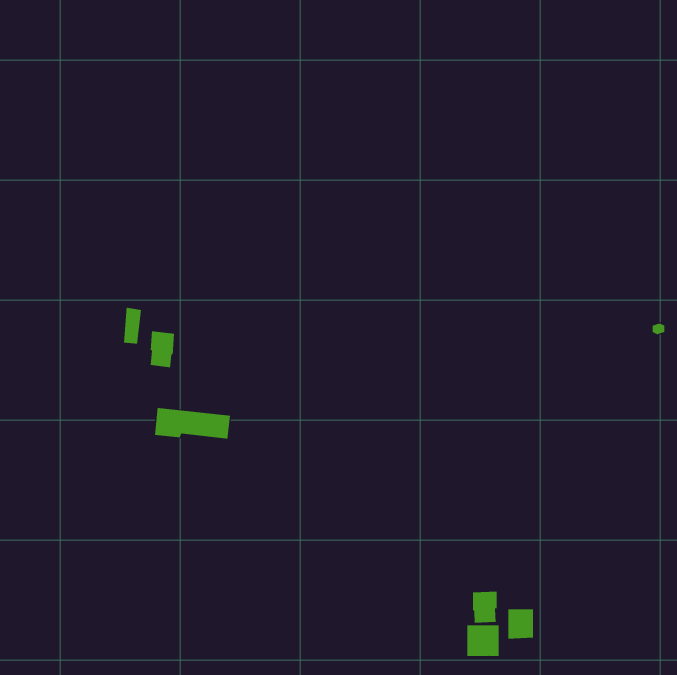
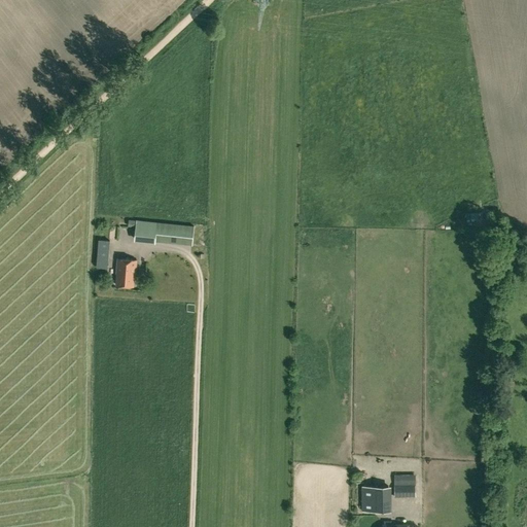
building: [154,407,231,439] -> [134,220,194,245]
building: [472,591,497,624] -> none

